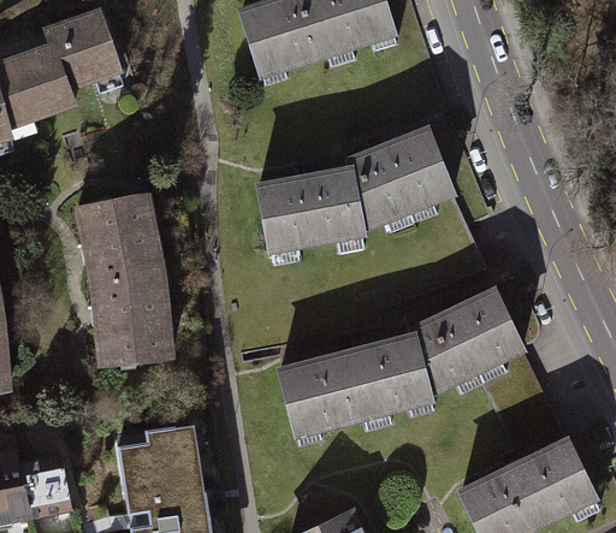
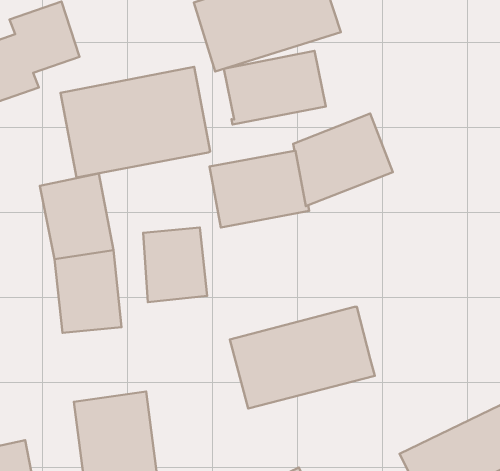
building: none -> [224,51,326,124]
building: none -> [60,67,210,178]
building: none -> [143,227,207,302]
building: [410,289,523,390] -> none

